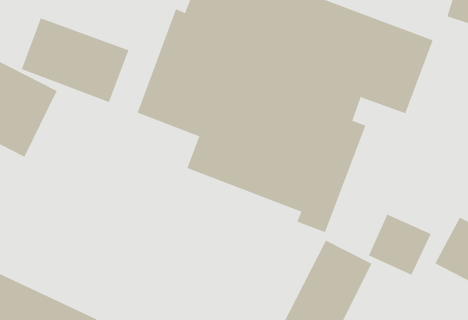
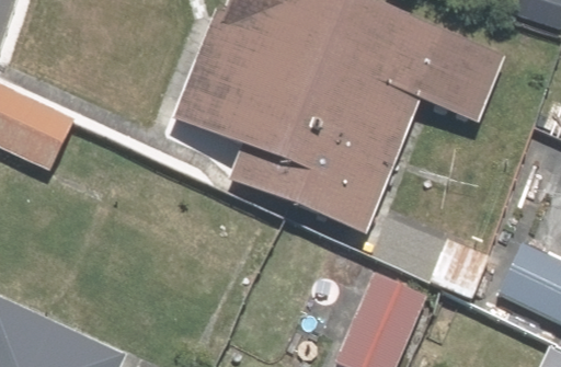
building: [21,17,129,103] -> none

